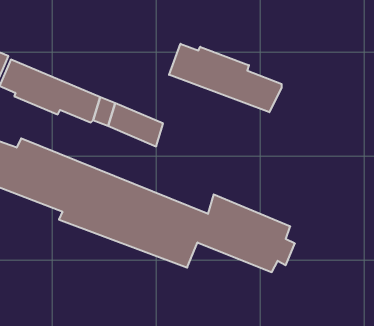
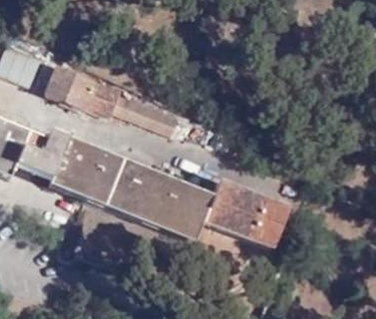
building: [169,44,282,112] -> none

